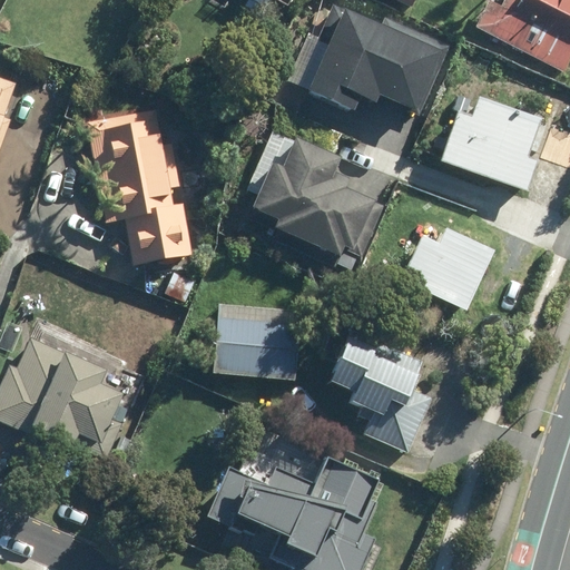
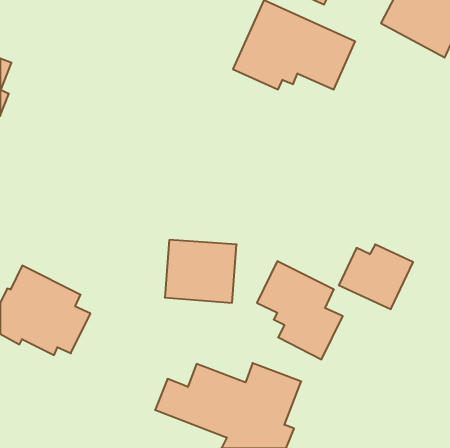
building: [440,95,552,191] -> none
building: [87,107,195,261] -> none
building: [247,128,385,256] -> none
building: [401,226,494,307] -> [339,244,413,309]

